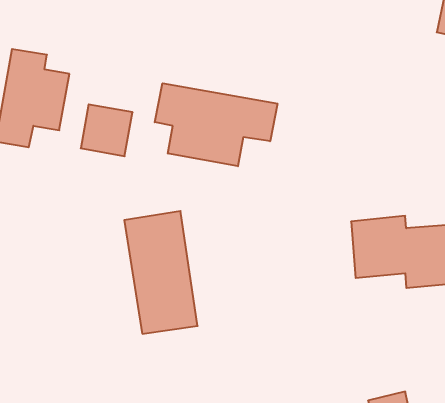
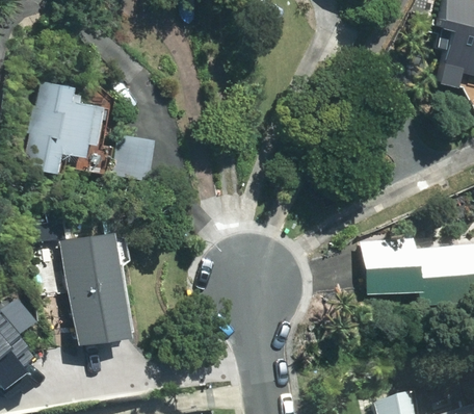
building: [155,83,277,166] -> none
building: [124,211,198,334] -> [62,230,130,343]

